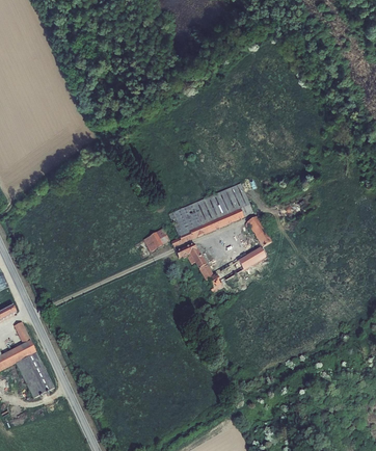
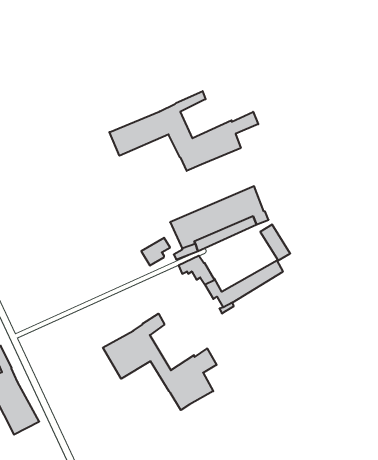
building: none -> [109,91,258,171]
building: none -> [103,314,217,410]

